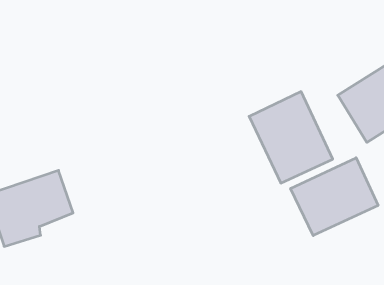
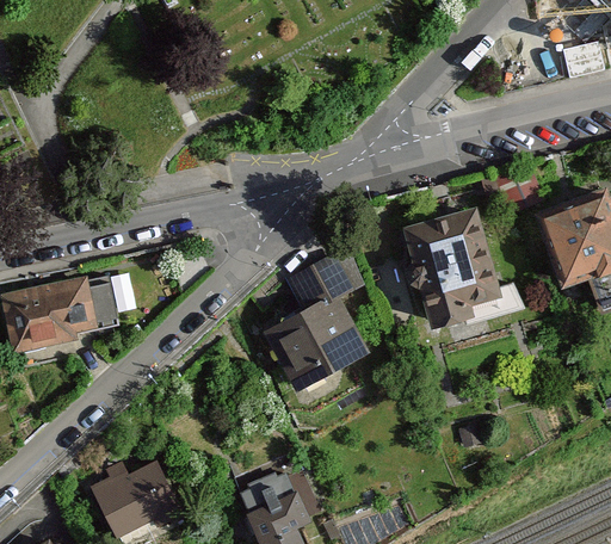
building: none -> [261,252,365,391]
building: [291,158,378,236] -> none

